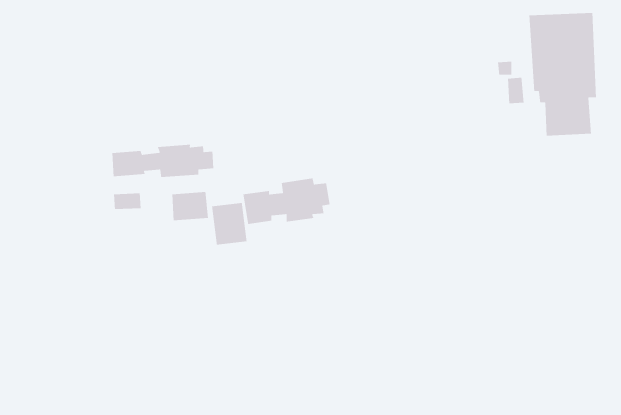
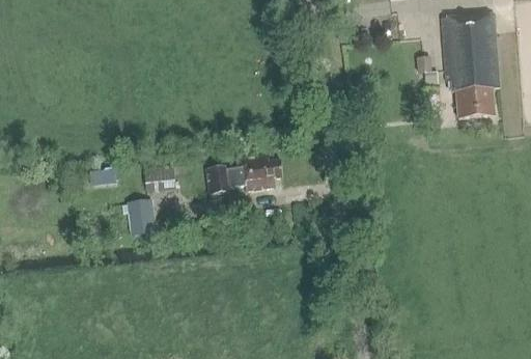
building: [111,144,214,178] -> none
building: [211,202,247,246] -> [124,199,155,236]

